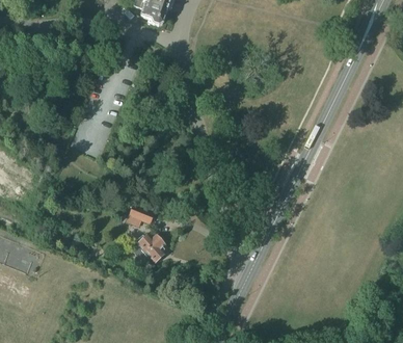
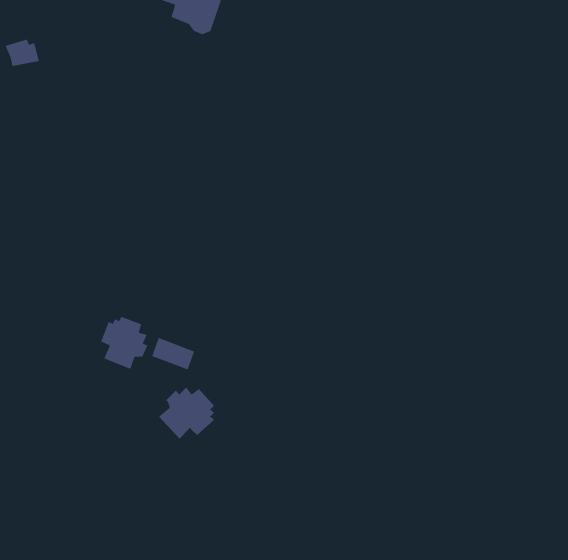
building: none -> [100,316,148,370]

